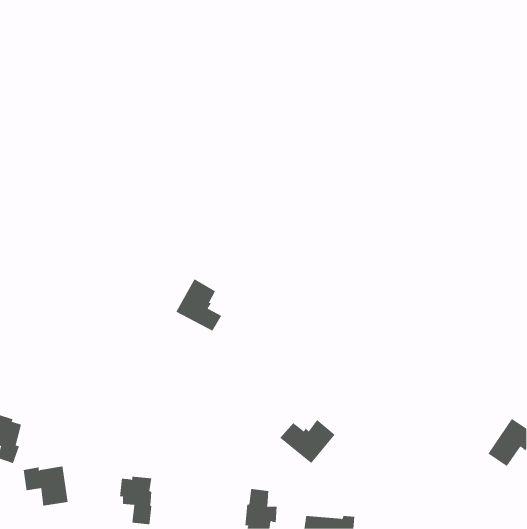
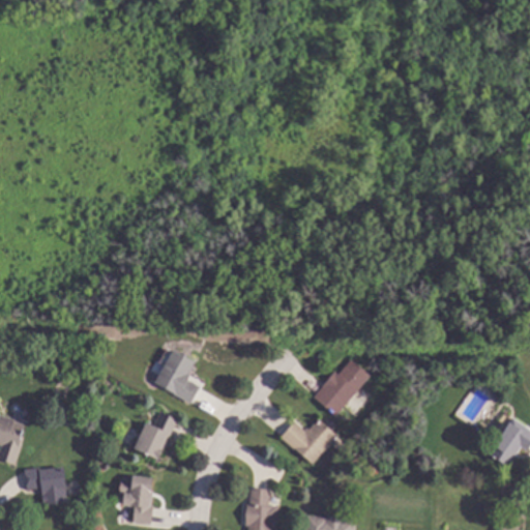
building: [176,279,222,331] -> [153,350,200,403]
building: none -> [313,360,369,416]
building: none -> [132,411,177,460]

